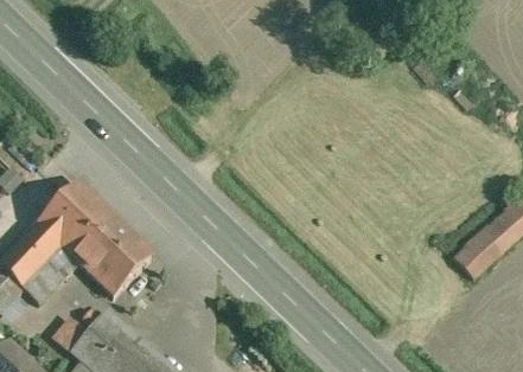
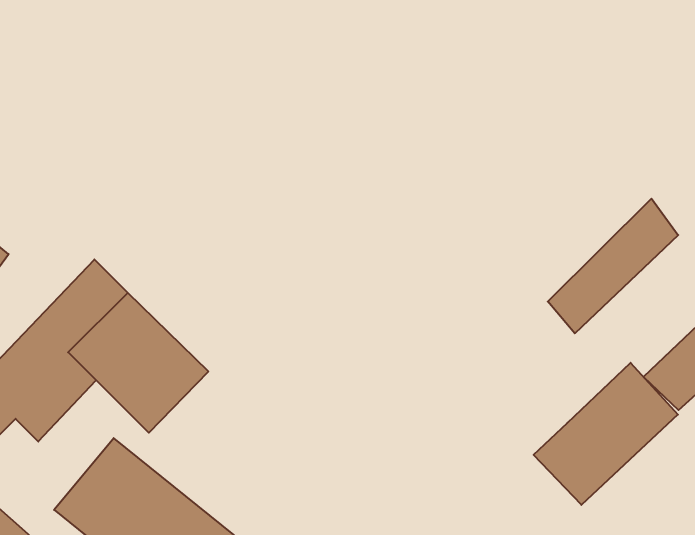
building: none -> [548,199,678,333]
building: none -> [534,363,678,505]

